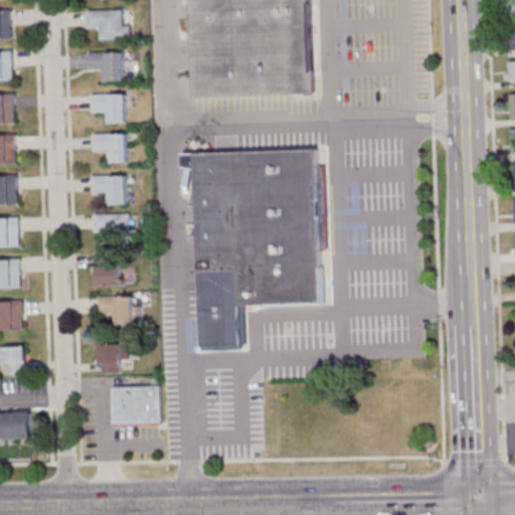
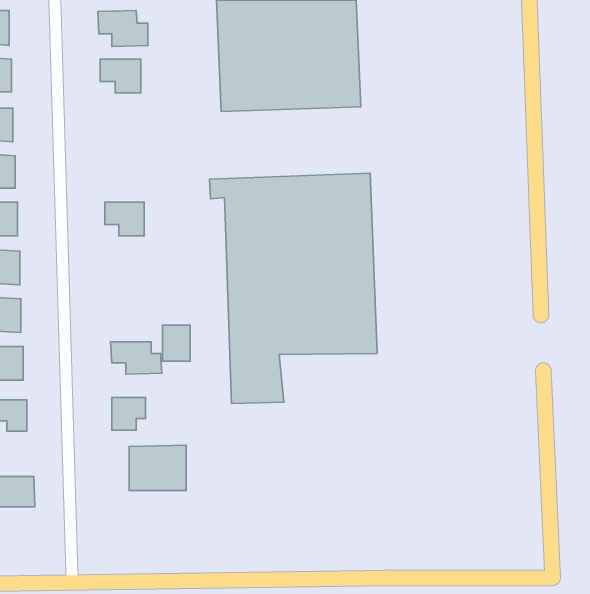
building: [90,94,124,122] -> none
building: [91,133,126,162] -> none
building: [92,213,128,237] -> none
building: [95,253,119,285] -> [162,325,190,361]

